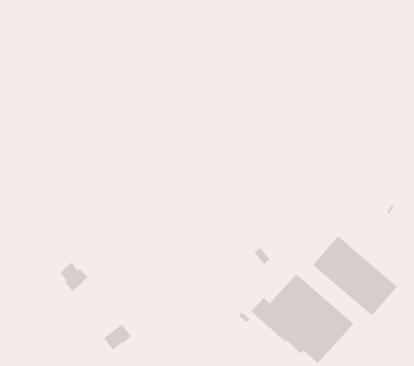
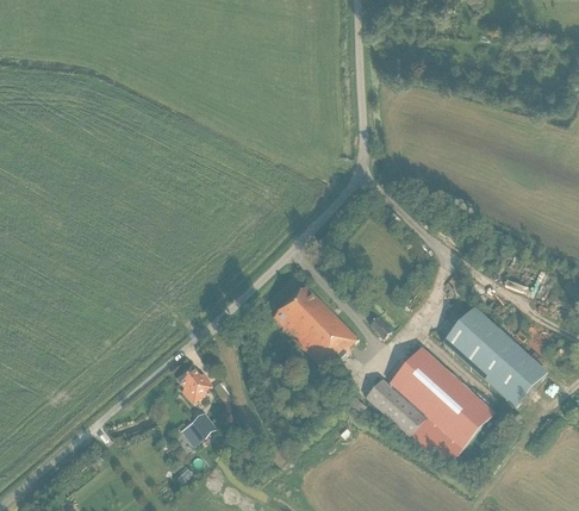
building: none -> [273,285,357,372]
building: [60,261,88,292] -> [176,363,212,401]

